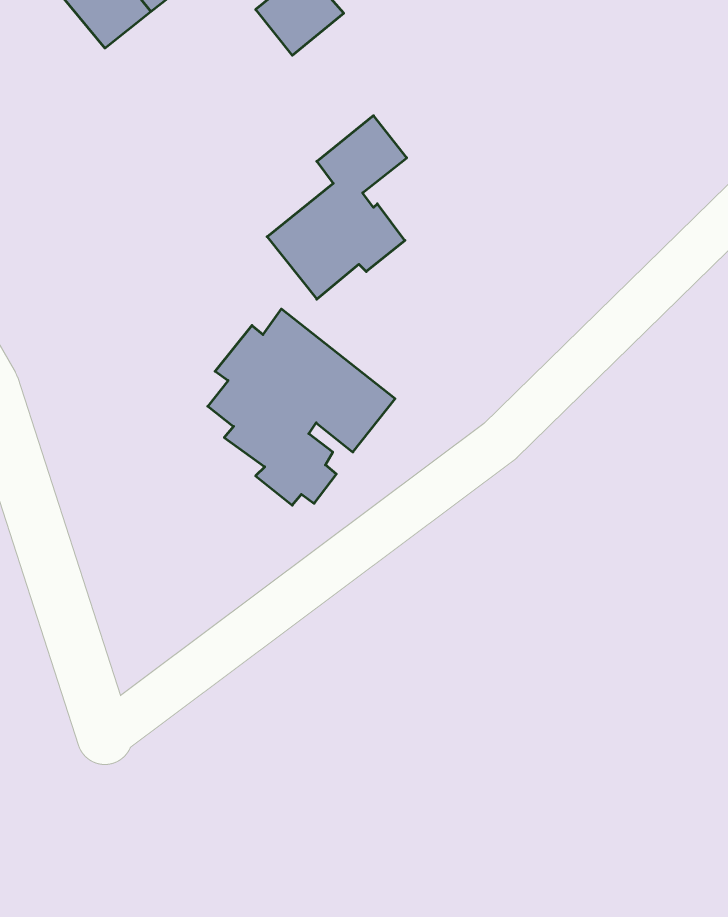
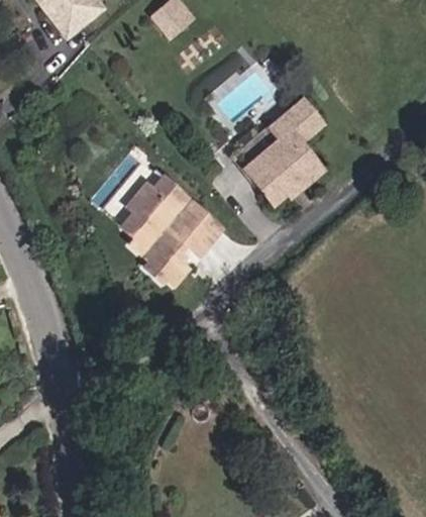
building: [267,116,407,299] -> [241,103,318,204]

